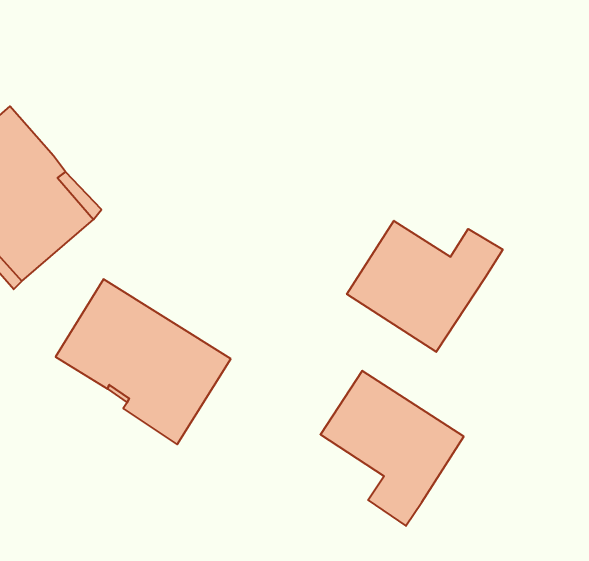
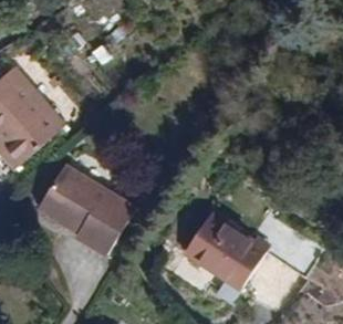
building: [347,221,503,352] -> none

